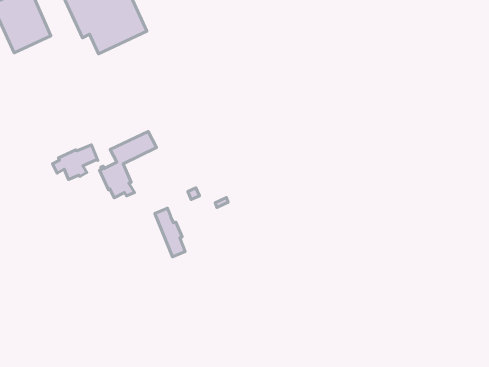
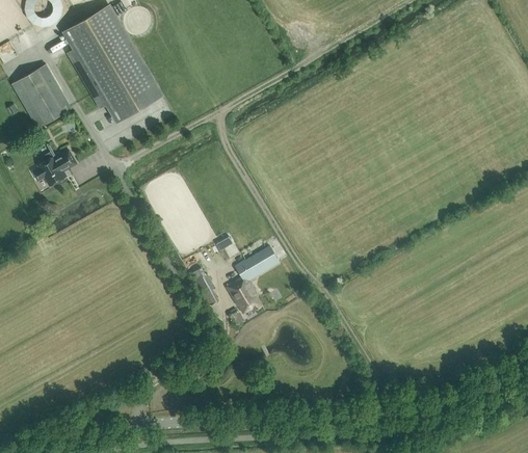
building: [99,131,157,198] -> [228,246,280,313]
building: [52,145,98,180] -> [34,150,77,185]

